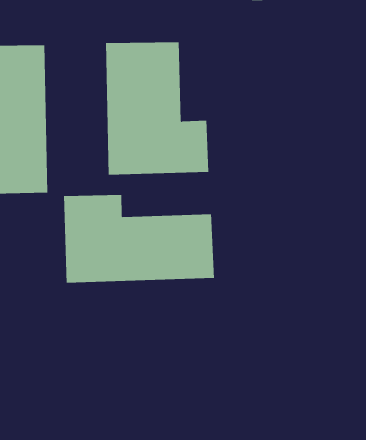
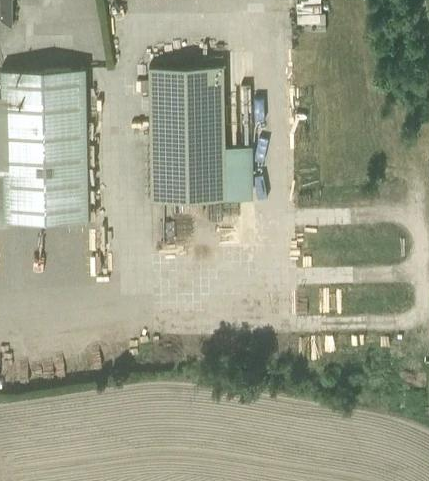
building: [63,194,215,284] -> none

